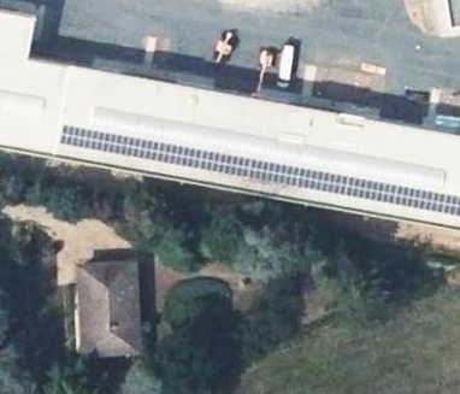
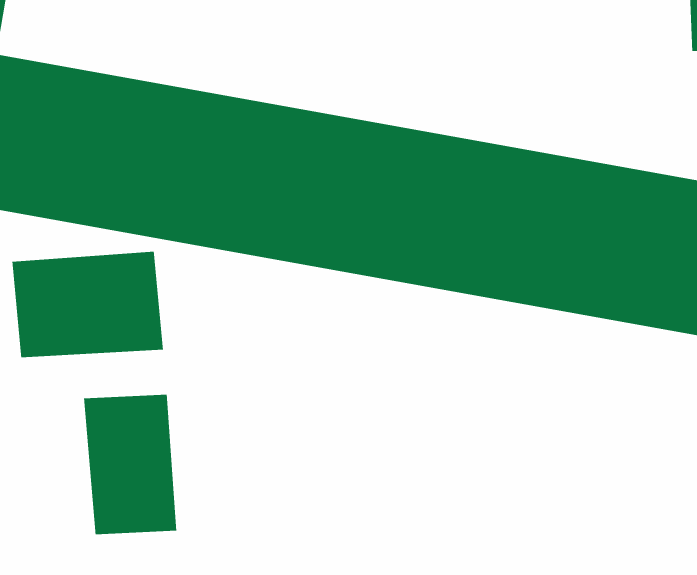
building: none -> [12,251,164,358]

